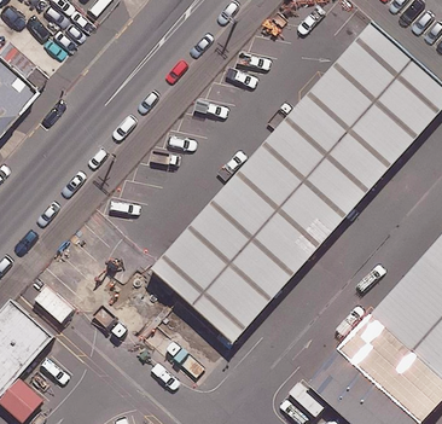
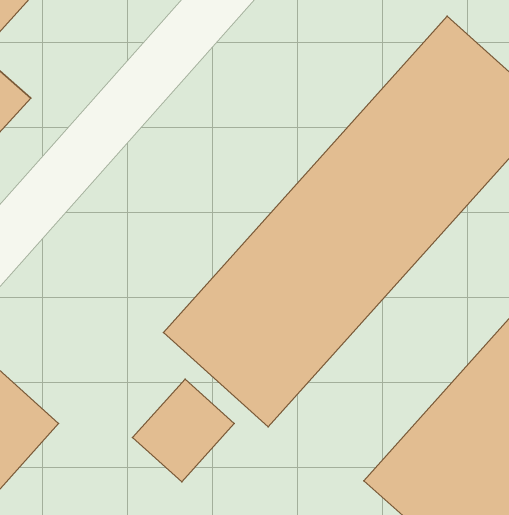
building: none -> [133,379,234,482]

